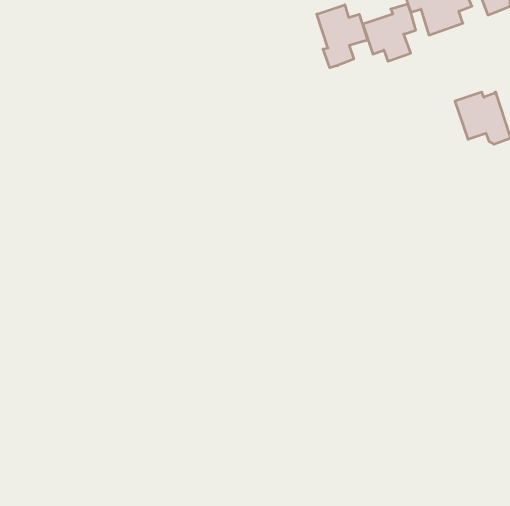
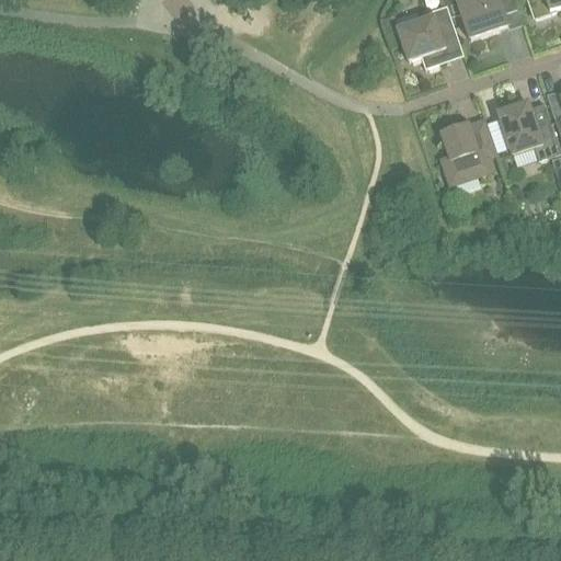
building: [317,5,367,68] -> none
building: none -> [440,117,495,183]

